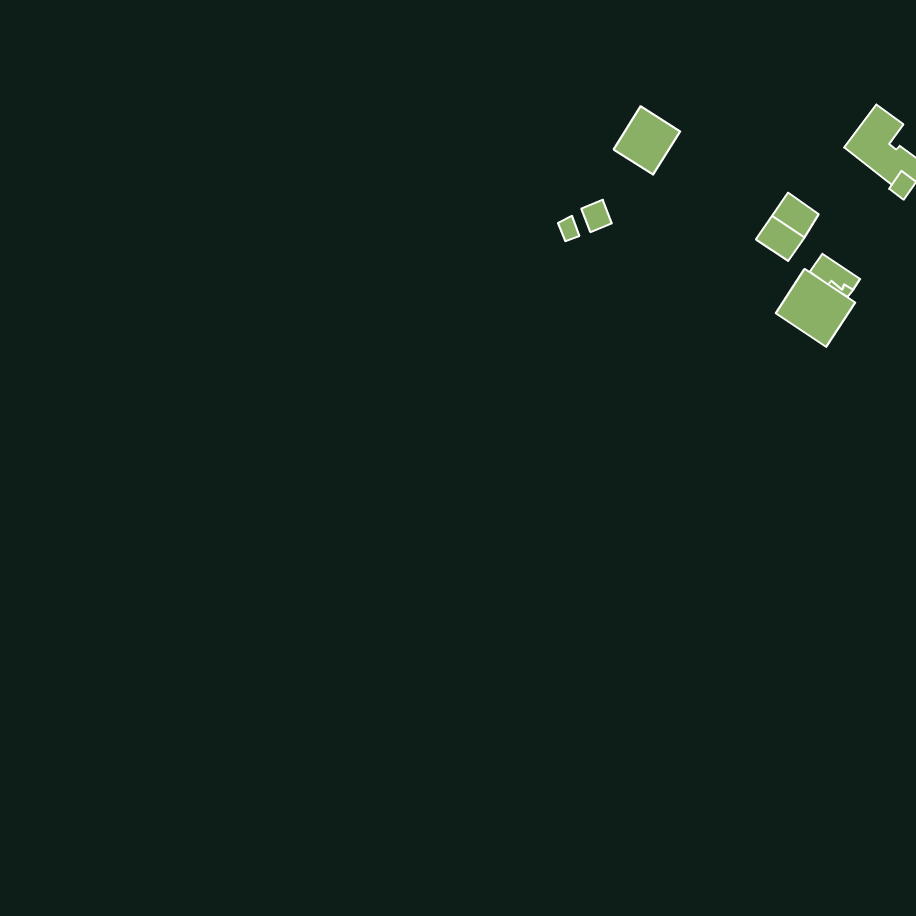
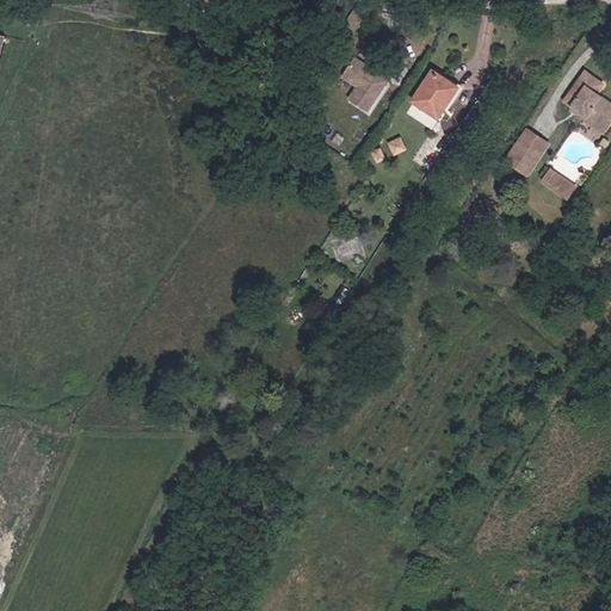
building: none -> [346,54,393,107]
building: [776,269,855,347] -> none

